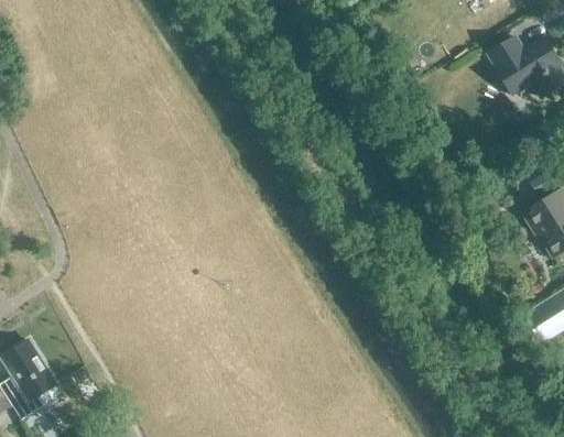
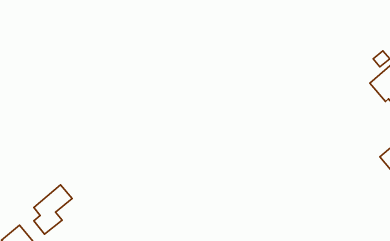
building: none -> [34,185,72,234]

